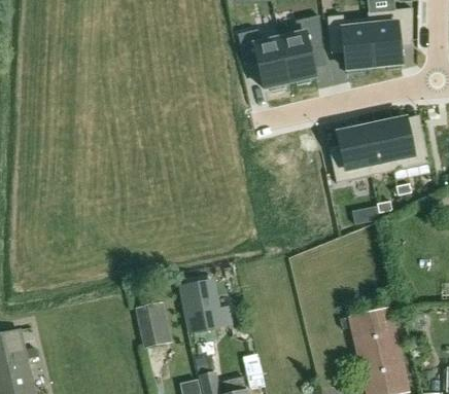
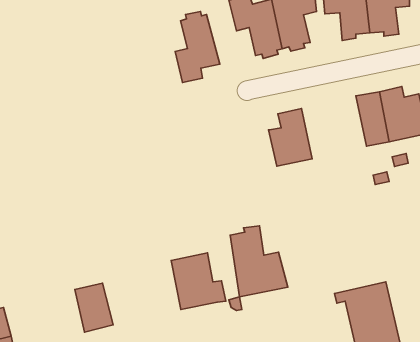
building: none -> [175,12,220,82]
building: [329,127,371,182] -> [268,109,312,166]
building: none -> [230,226,288,297]
building: [135,300,172,348] -> [75,283,113,332]

